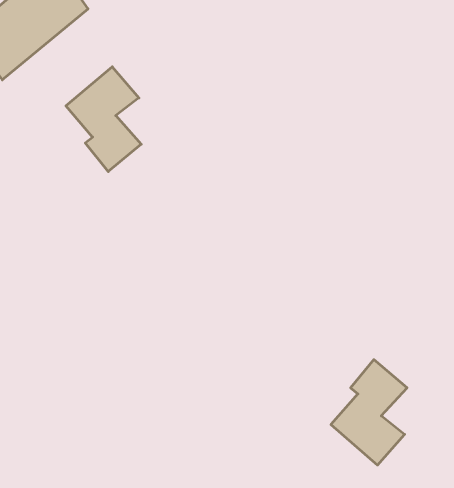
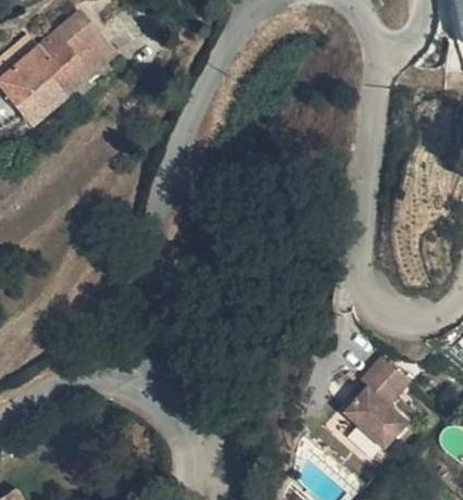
building: [66,67,141,172] -> none

